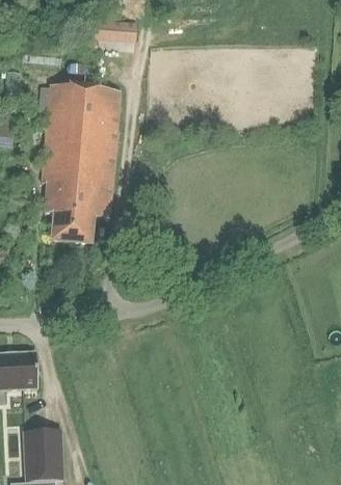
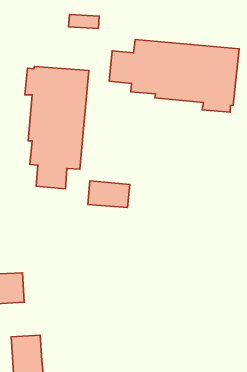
building: none -> [109,40,239,112]
building: none -> [88,181,130,208]

